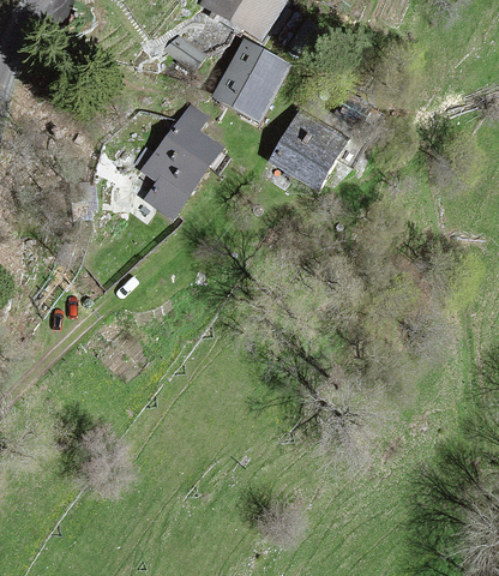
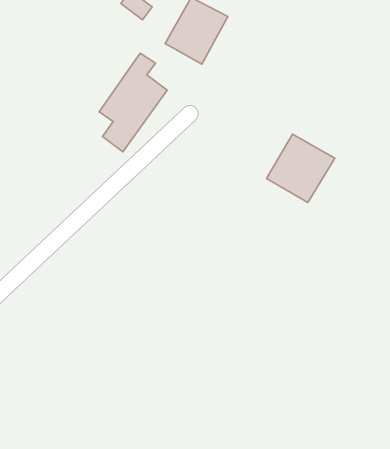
building: [270,113,345,188] -> [267,134,335,202]

